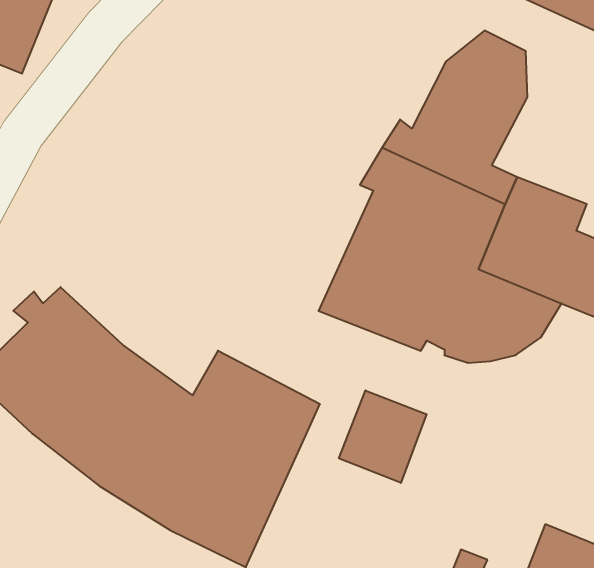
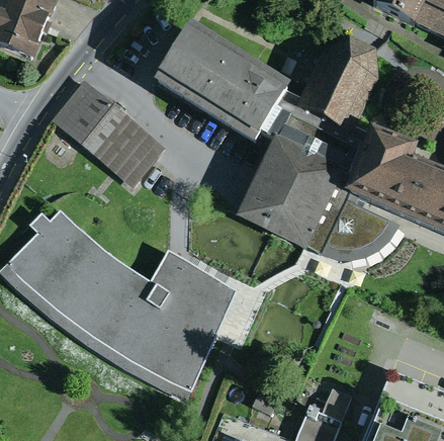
building: none -> [156,29,292,149]
building: none -> [52,77,167,184]
building: [339,390,426,483] -> none

